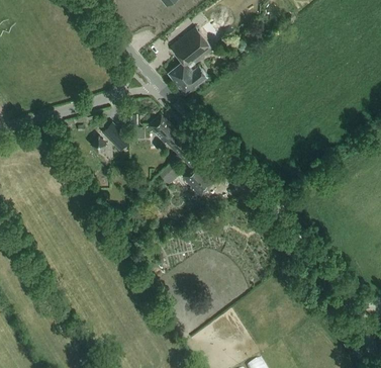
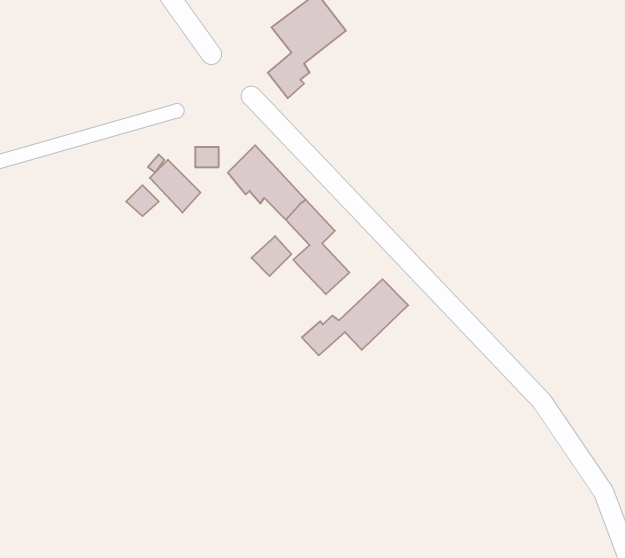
building: [179,66,208,95] -> none
building: none -> [302,279,408,355]

